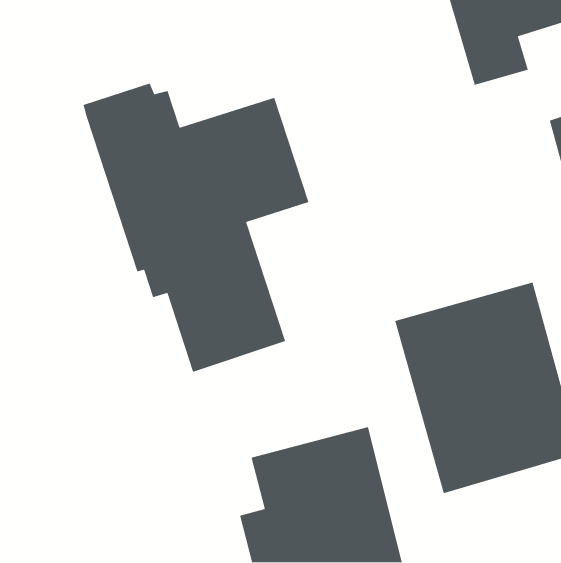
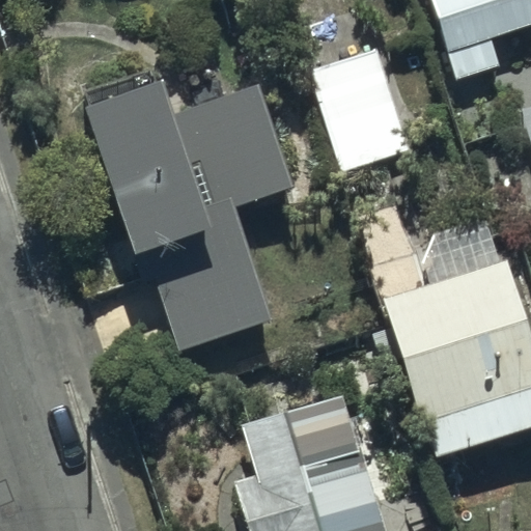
building: none -> [311,47,408,167]

